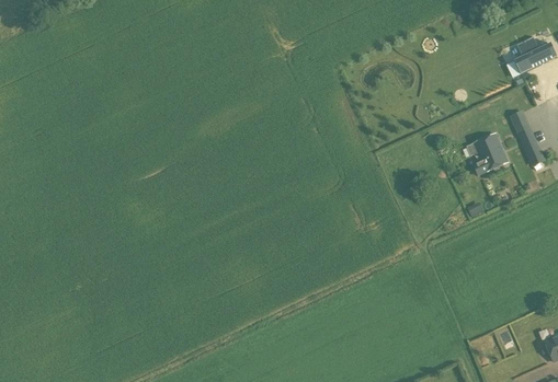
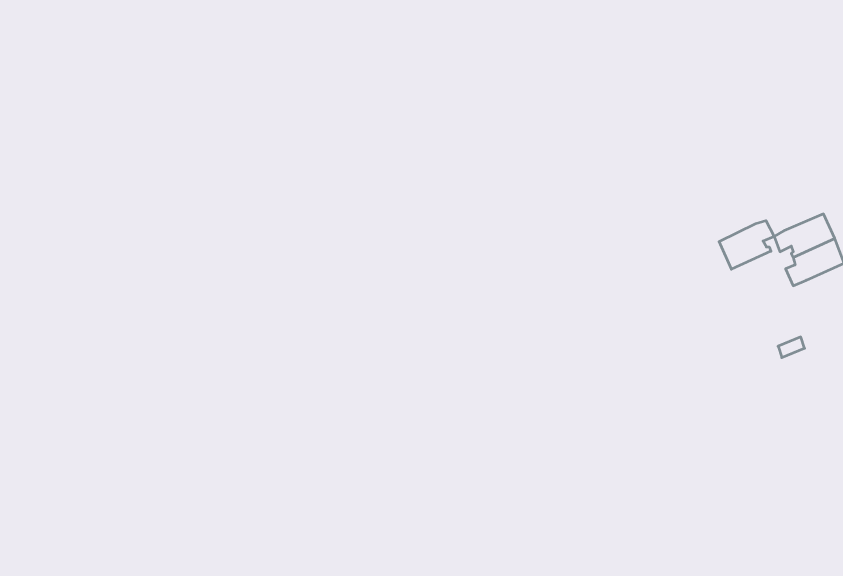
building: none -> [719,221,774,269]

